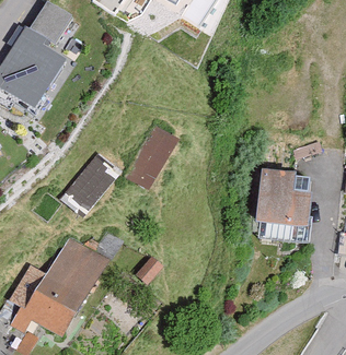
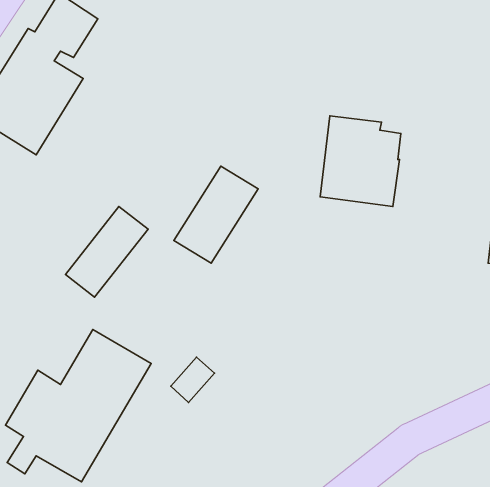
building: [247,165,302,226] -> [320,116,401,206]

